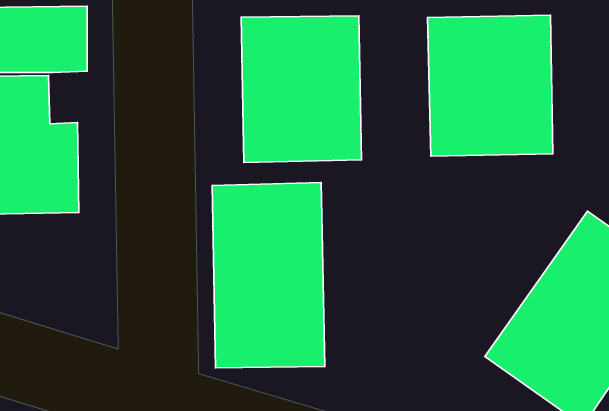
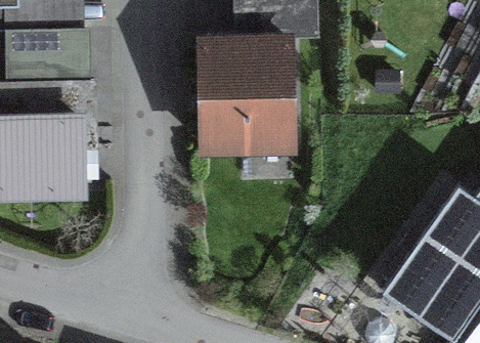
building: [427,15,553,156] -> none
building: [212,182,325,368] -> none

